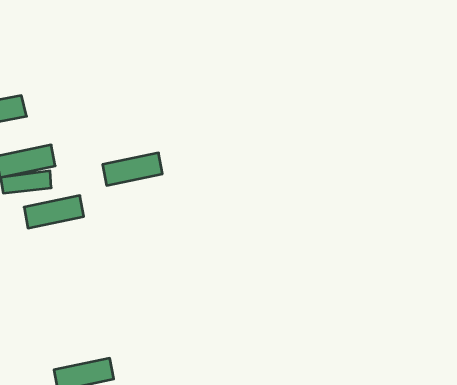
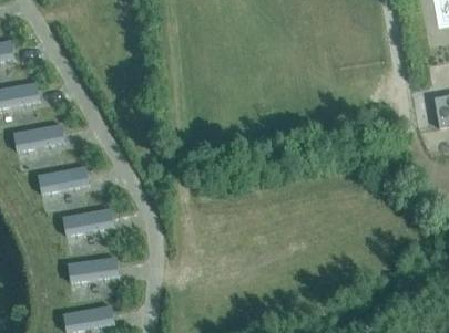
building: [103,153,162,185] -> [63,208,114,236]
building: none -> [69,256,120,283]

